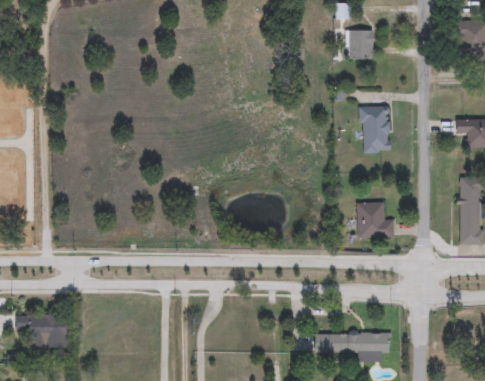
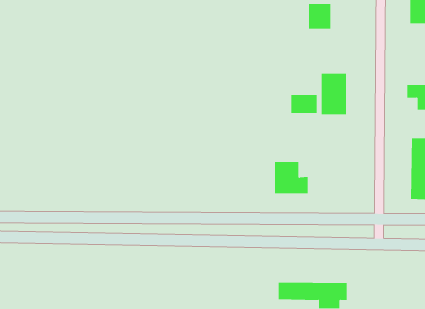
building: none -> [291,94,317,114]
building: [357,202,394,237] -> [274,162,308,194]
building: [30,315,69,339] -> none

